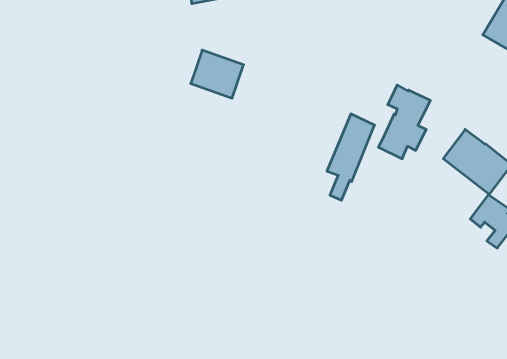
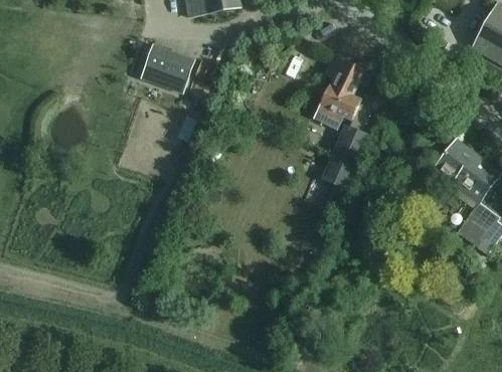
building: [191,50,244,98] -> [142,42,193,88]
building: [378,85,430,159] -> [314,54,364,126]

